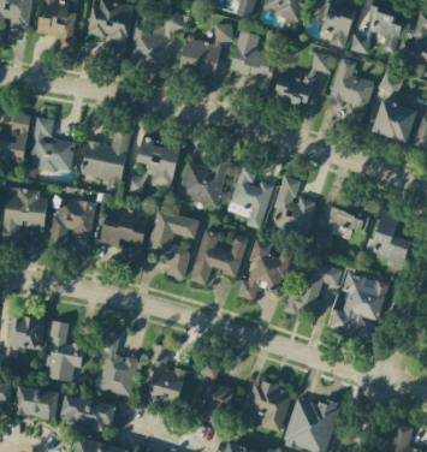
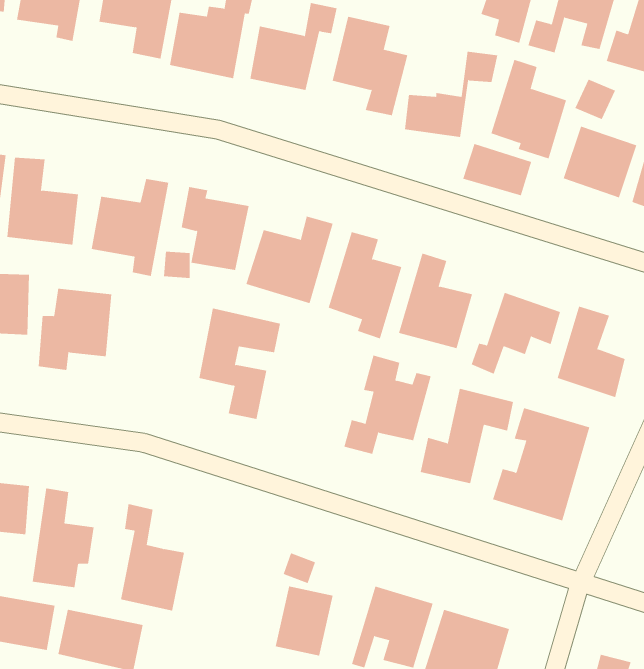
building: none -> [463,143,532,196]
building: [100,207,146,264] -> none
building: [190,228,248,284] -> none
building: [147,343,185,403] -> none

